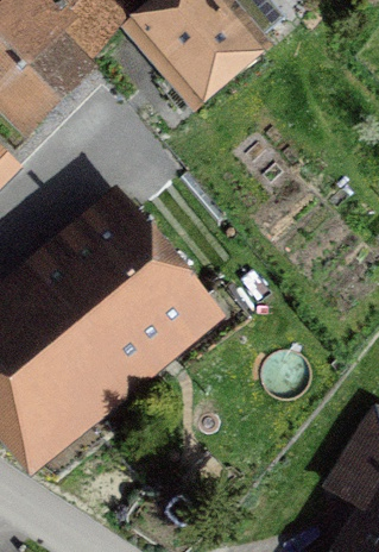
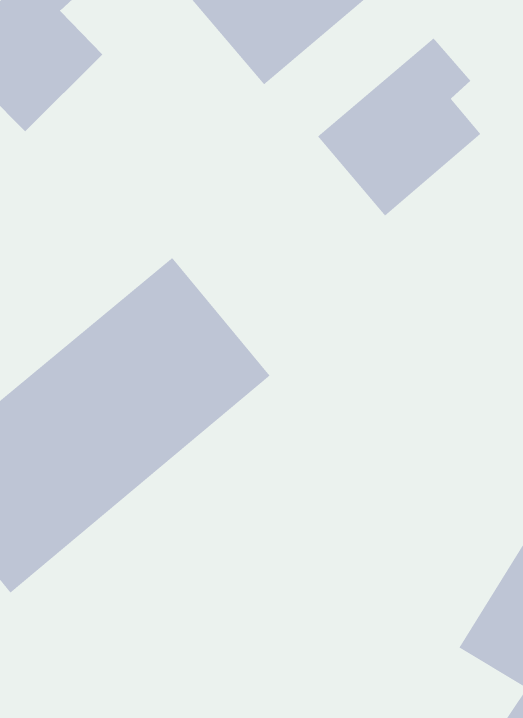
building: none -> [317,38,481,217]

